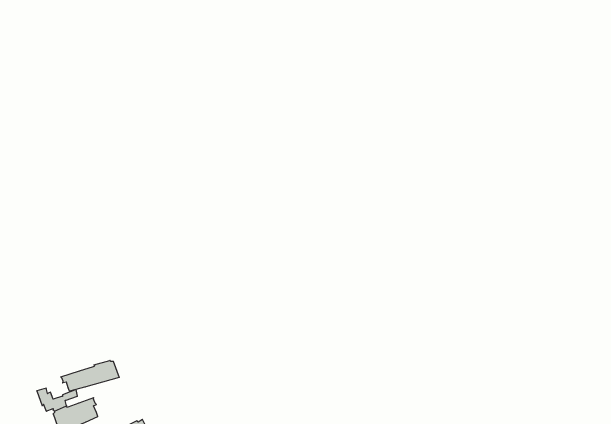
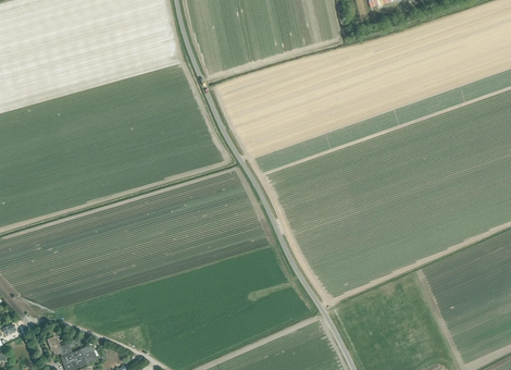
building: [61,360,119,391] -> none

